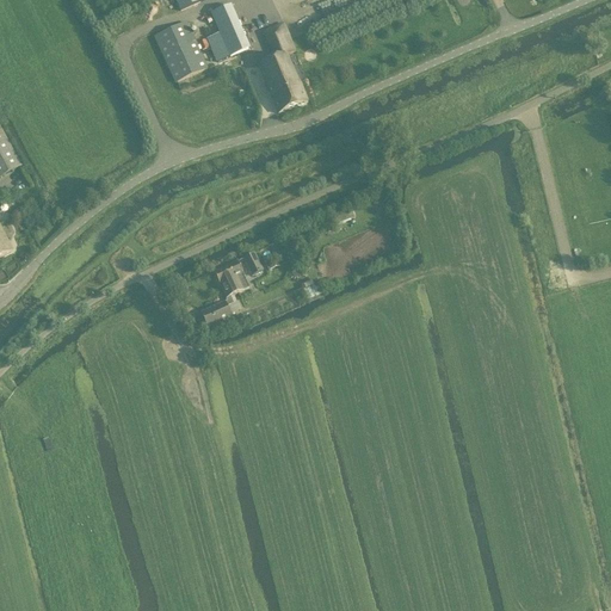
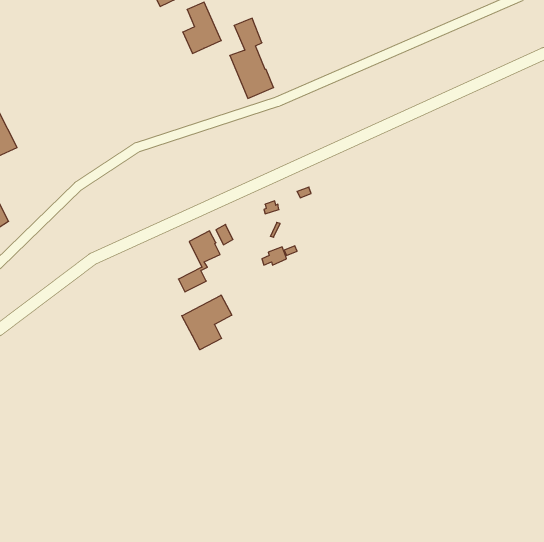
building: [153,19,205,79] -> none
building: none -> [182,295,232,350]

